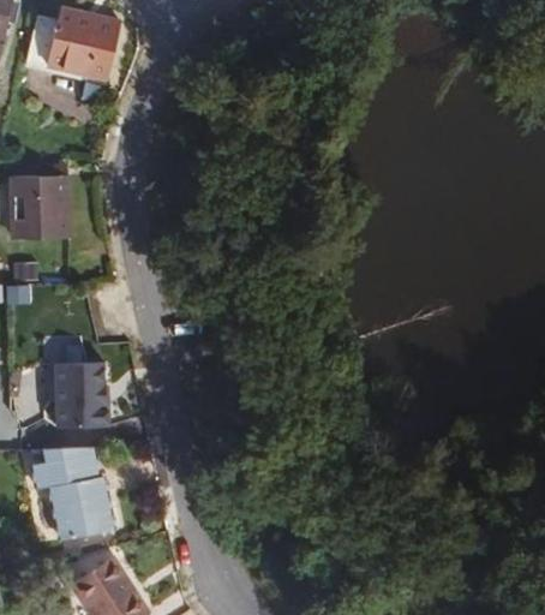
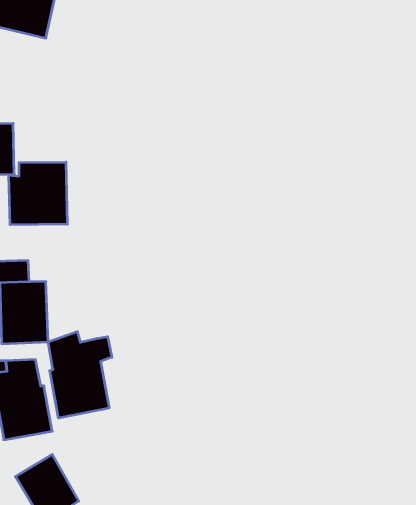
building: none -> [9,162,67,225]
building: none -> [48,332,112,418]

